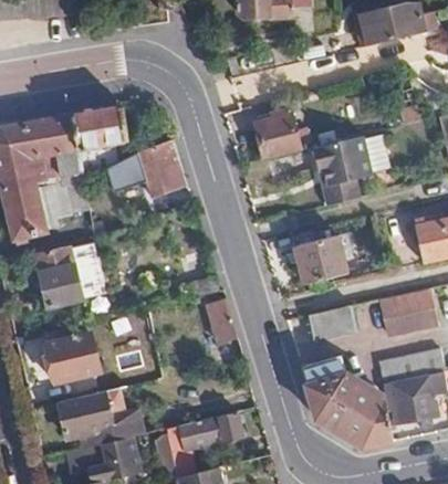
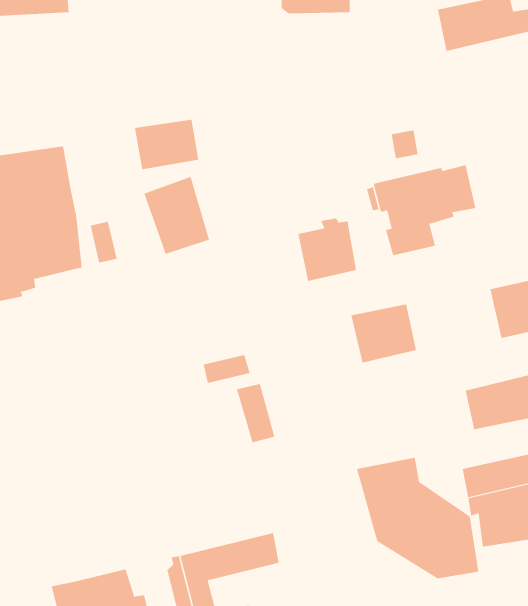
building: [254,109,300,158] -> [297,218,357,282]
building: [75,111,125,149] -> [134,119,199,170]
building: [33,244,104,307] -> none
building: [306,305,356,343] -> none
building: [46,335,98,381] -> none
building: [58,390,144,450] -> none

